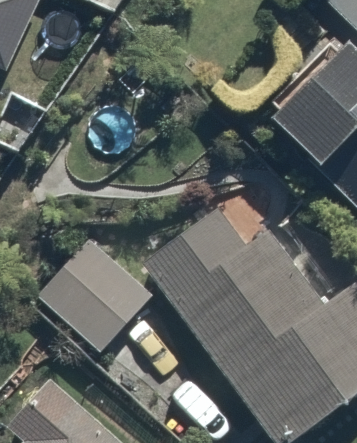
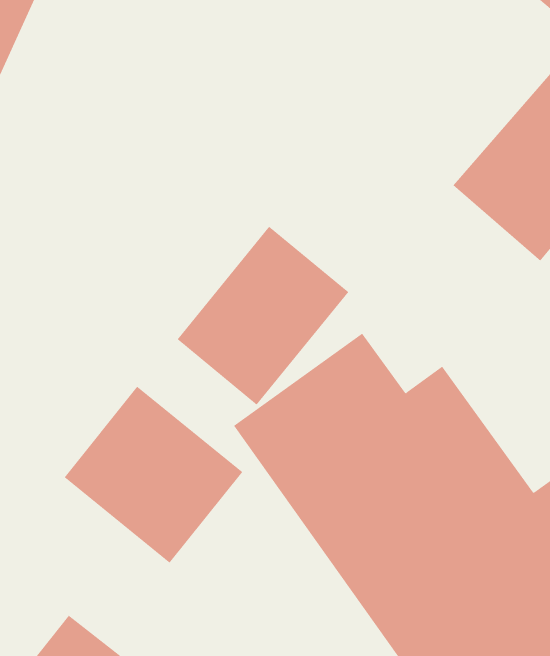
building: none -> [177,226,349,406]

